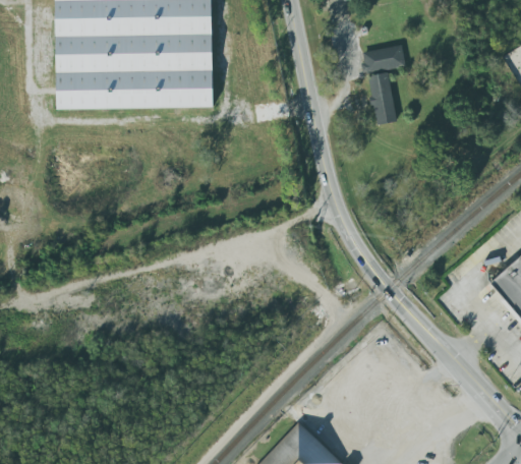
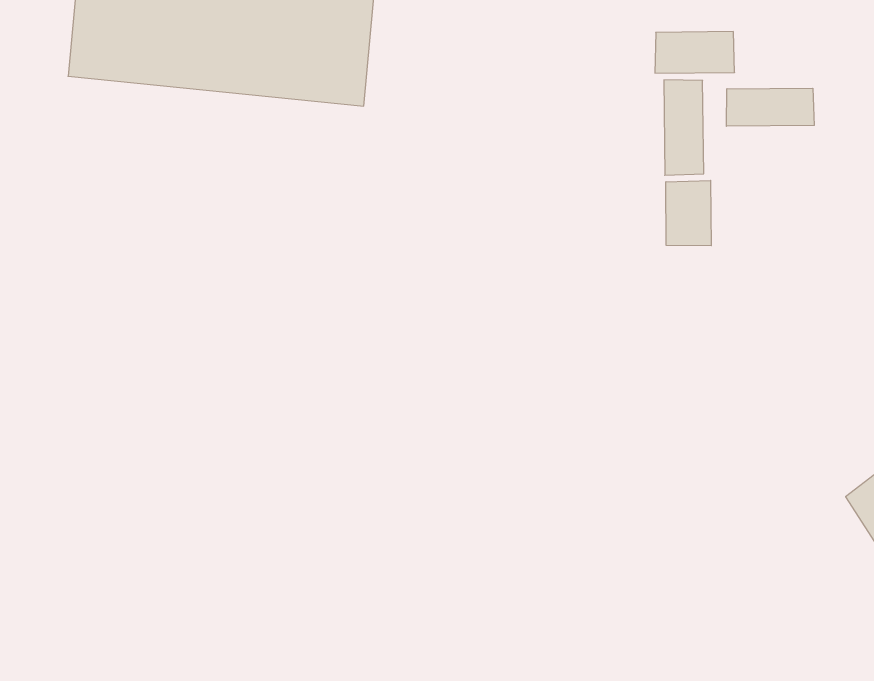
building: none -> [726,88,814,126]
building: none -> [666,180,711,246]

